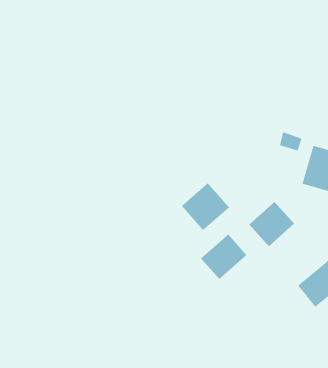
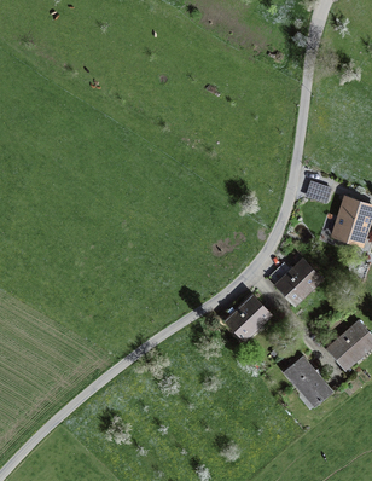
building: [181,182,230,231] -> none
building: none -> [285,354,333,405]

